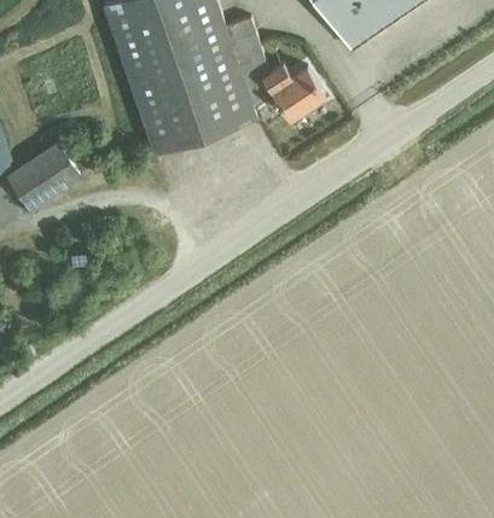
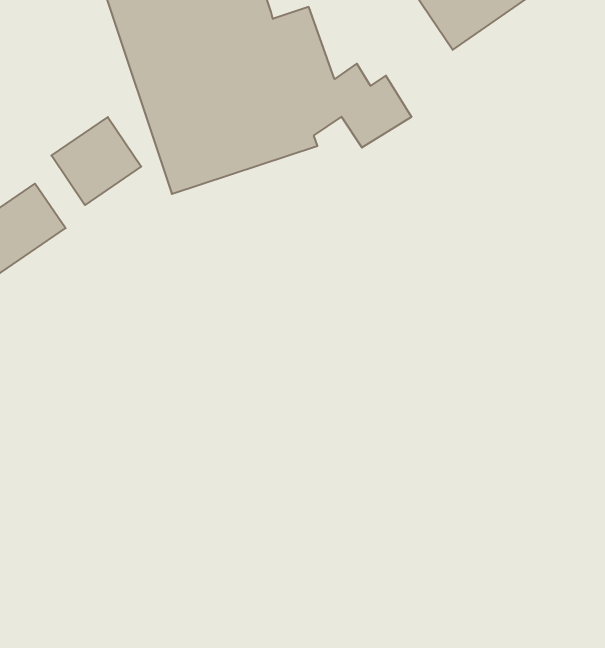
building: none -> [51,117,141,205]

